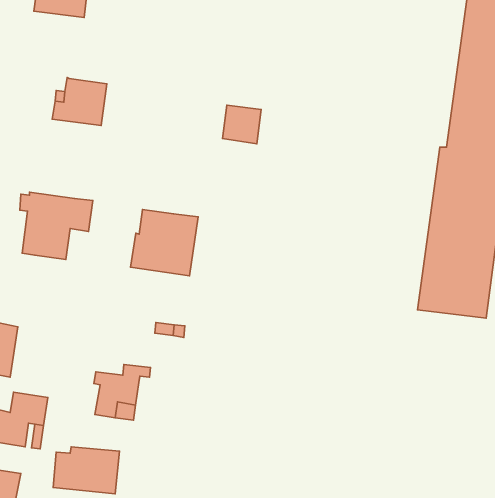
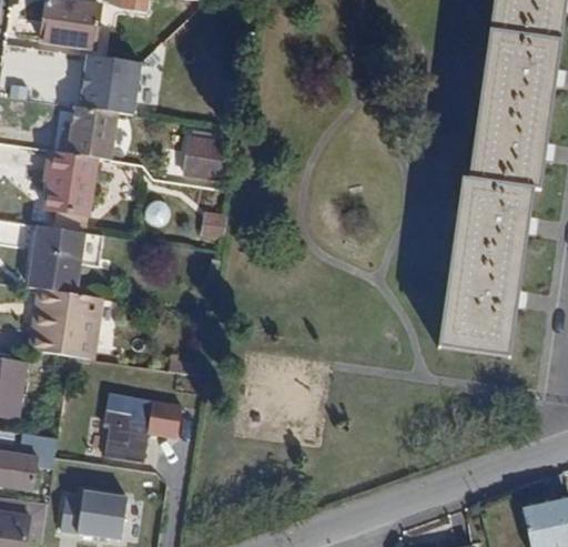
building: none -> [78,54,143,114]
building: [223,105,261,144] -> [184,138,224,178]
building: none -> [44,149,95,214]
building: [131,209,198,276] -> [30,290,100,358]

